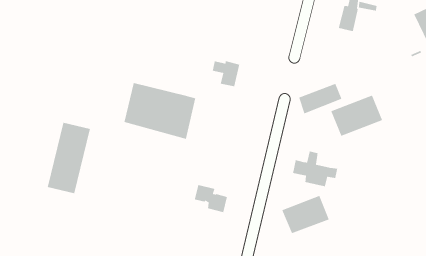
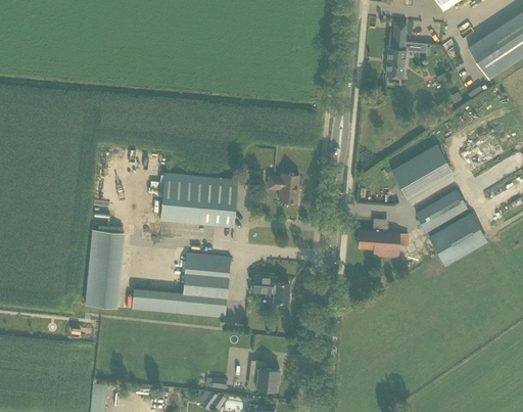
building: [212,60,240,87] -> [268,174,298,202]
building: [298,83,342,114] -> [416,191,466,232]
building: none -> [131,253,230,318]
building: [281,195,330,234] -> [429,216,485,265]

